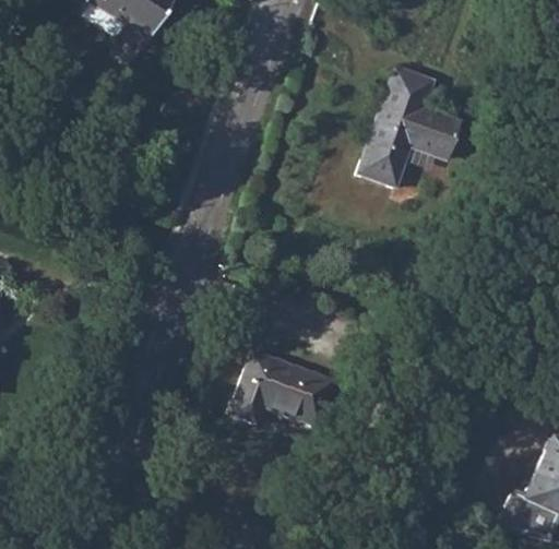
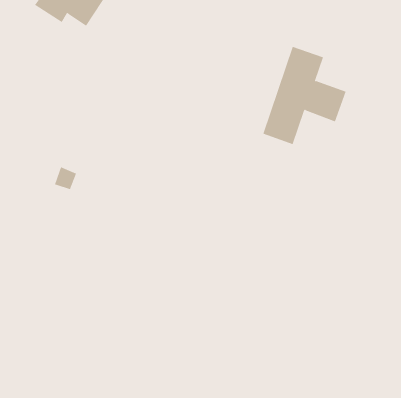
building: [230,350,334,426] -> none

